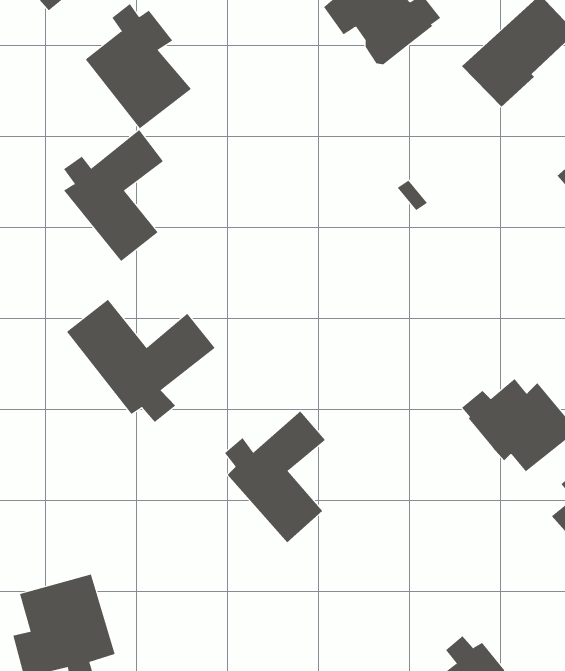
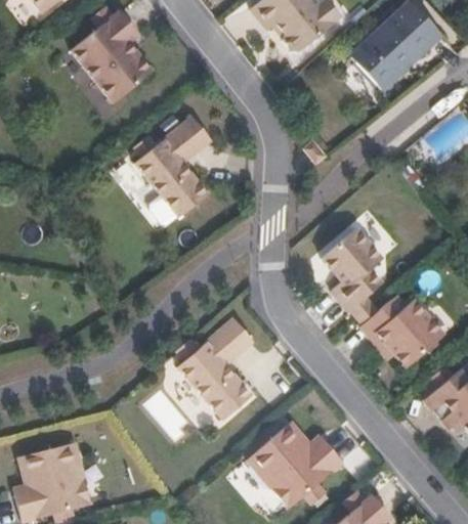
building: [63,129,164,262] -> [133,115,210,216]
building: none -> [322,225,383,315]
building: [66,299,216,423] -> none
building: none -> [247,421,343,508]

